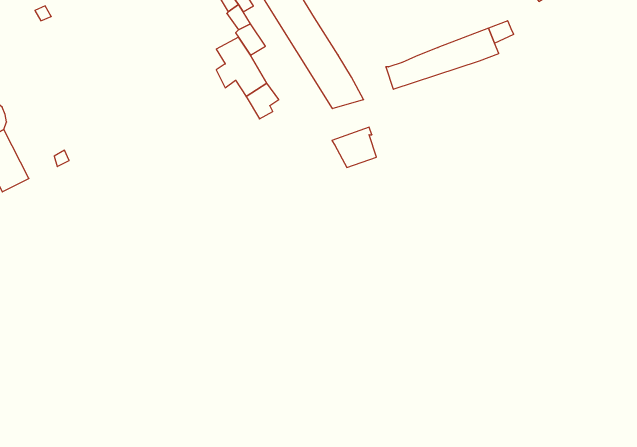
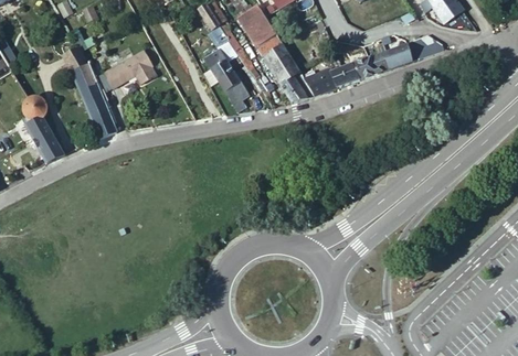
building: none -> [62,46,118,140]
building: none -> [105,51,156,88]
building: [332,127,376,167] -> [303,66,336,96]

